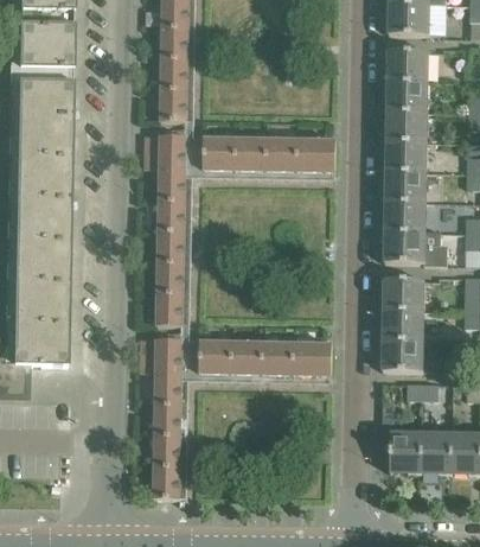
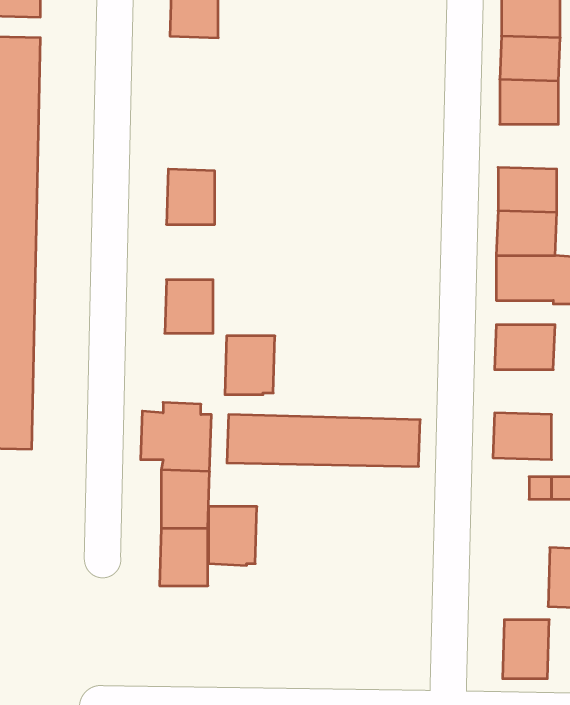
building: [160,79,193,120] -> none
building: [145,128,192,172] -> none
building: [203,136,335,171] -> none
building: [385,140,427,171] -> none
building: [158,209,191,247] -> none
building: [155,284,190,324] -> [225,336,275,395]
building: [383,309,423,339] -> none
building: [389,431,421,471] -> [503,620,549,679]
building: [153,457,186,497] -> [209,507,257,565]

